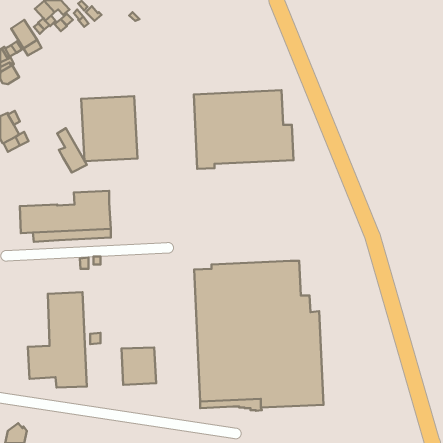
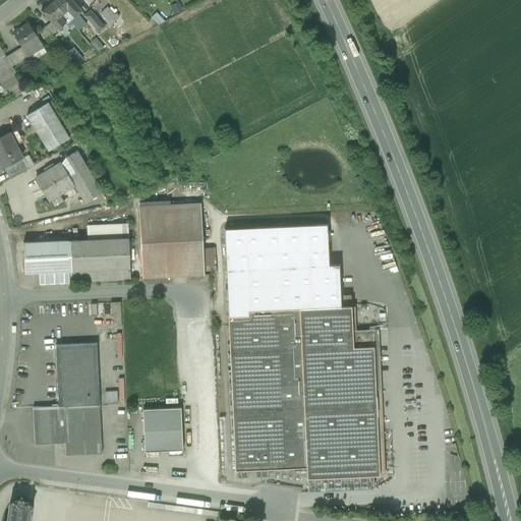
building: none -> [26,103,69,151]
building: [194,90,294,169] -> [224,224,341,316]
building: [81,96,138,161] -> [138,202,205,279]
building: none -> [36,163,74,197]

